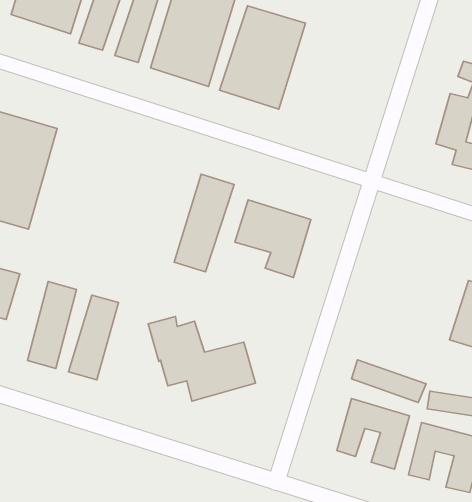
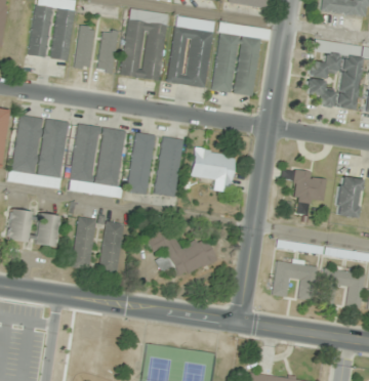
building: none -> [212,23,271,95]
building: none -> [72,125,125,186]
building: none -> [127,133,156,195]
building: none -> [283,170,326,204]

